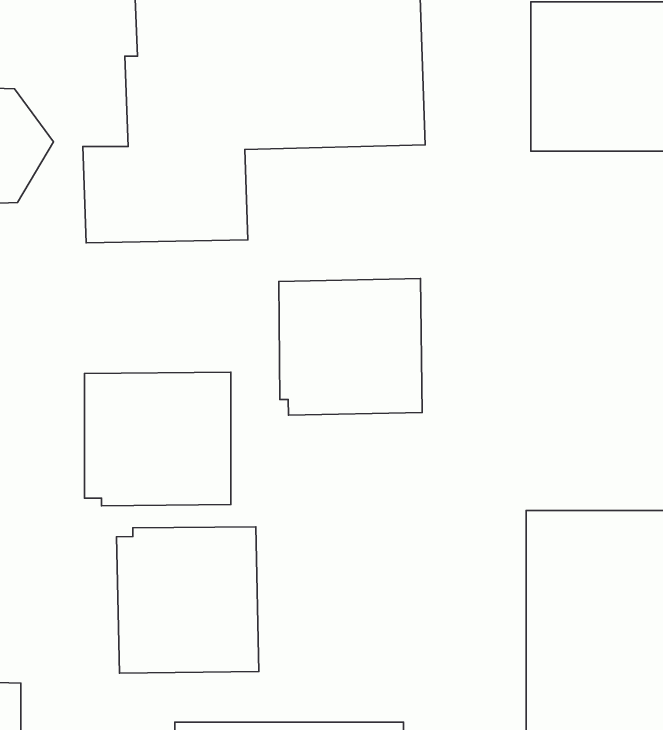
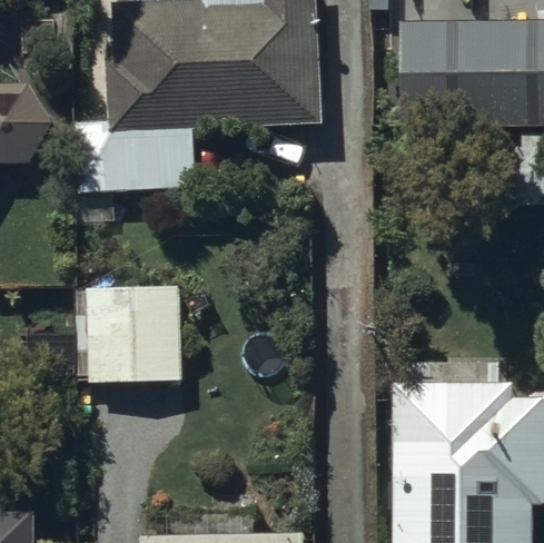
building: [279,279,422,415] -> none
building: [117,527,259,673] -> none

